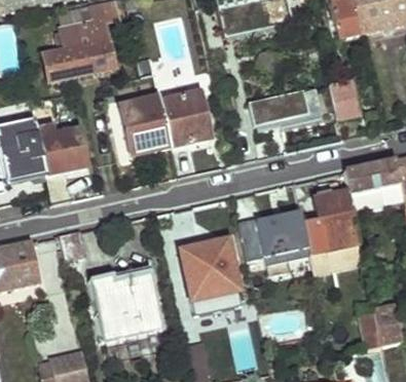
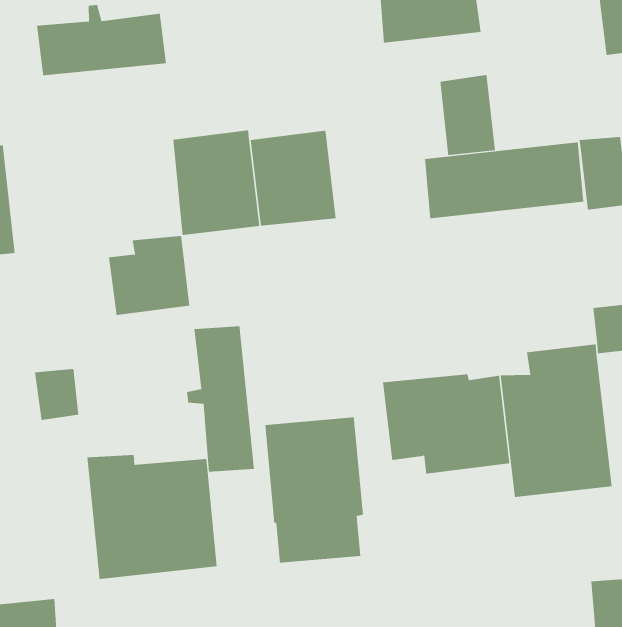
building: none -> [440,74,496,156]
building: [38,129,83,175] -> [108,236,190,316]
building: none -> [187,326,255,472]

